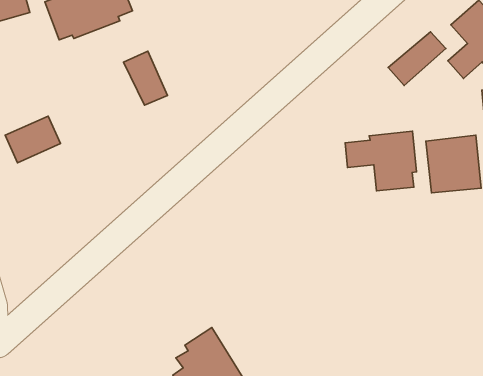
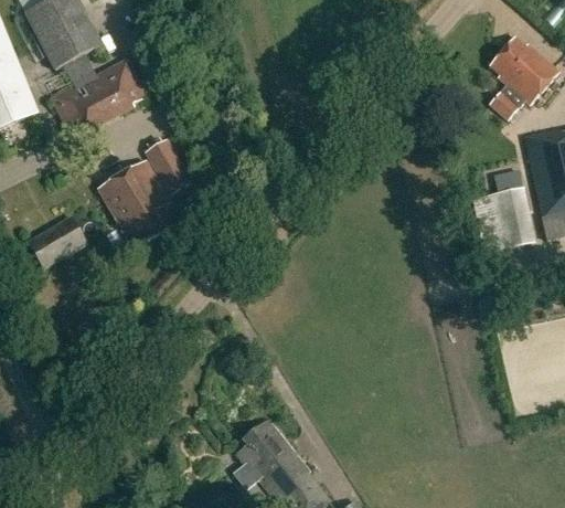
building: [388,32,446,85] -> none
building: none -> [97,160,175,247]
building: [345,131,417,191] -> none

